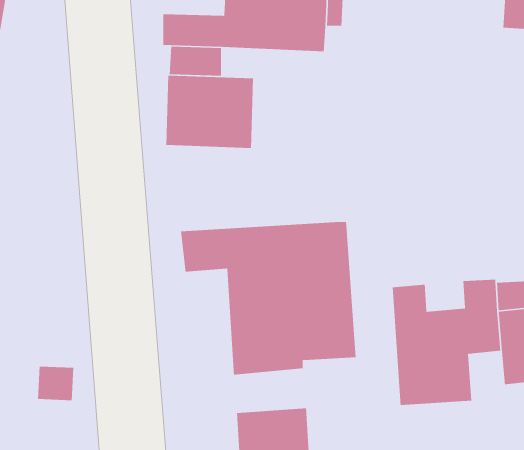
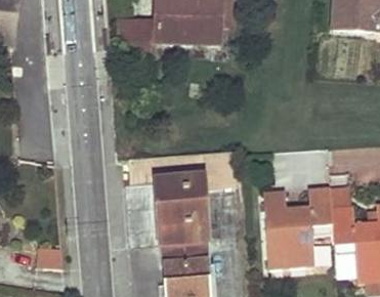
building: [165,75,254,149] -> none
building: none -> [162,245,209,272]

